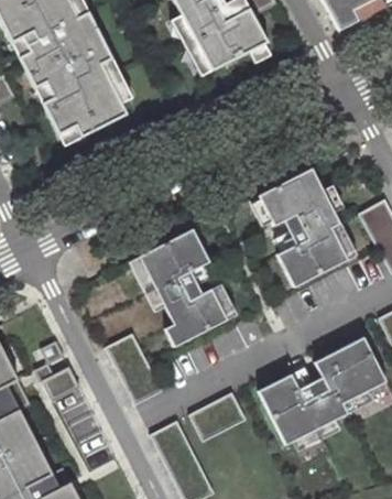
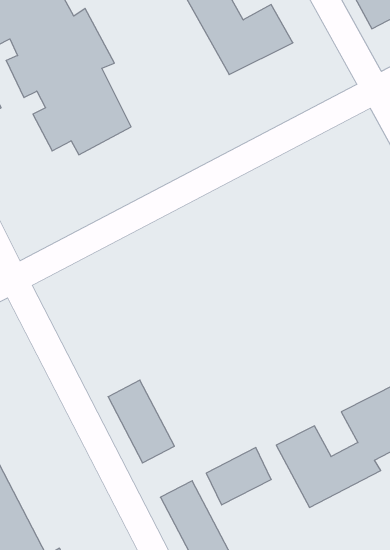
building: [255,167,345,286] -> none
building: [135,228,225,347] -> none

